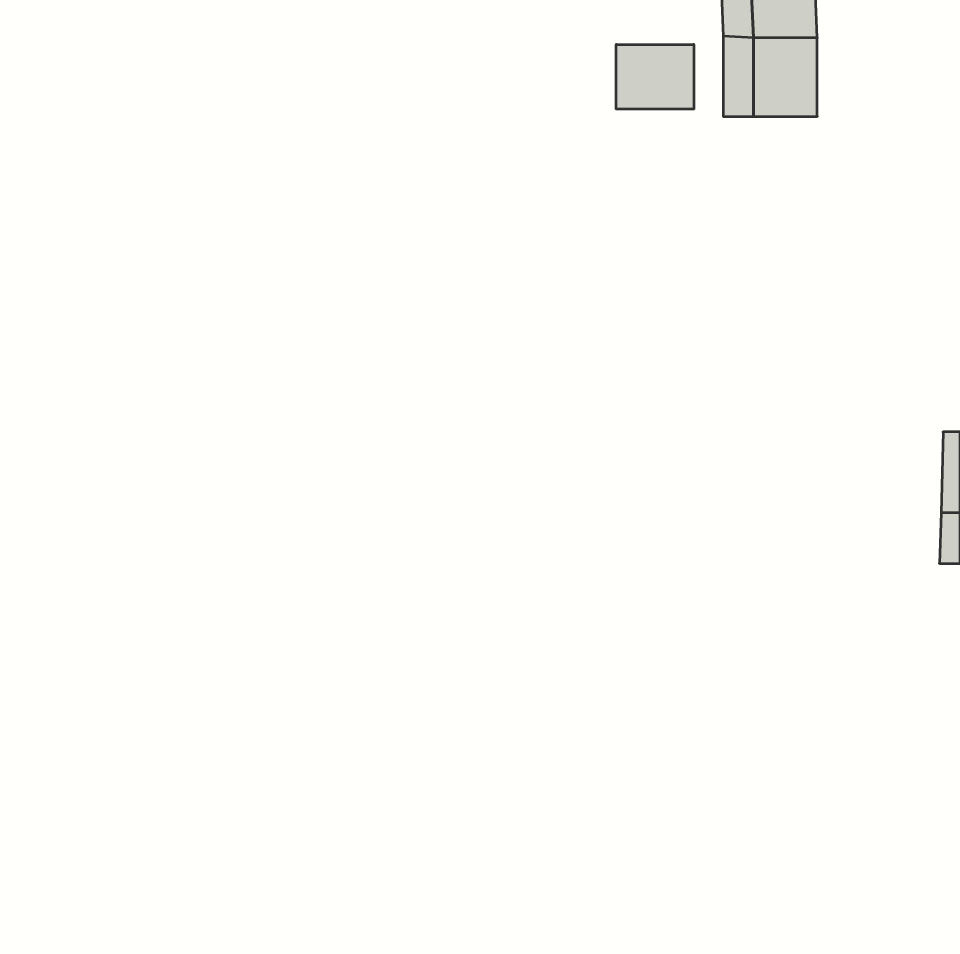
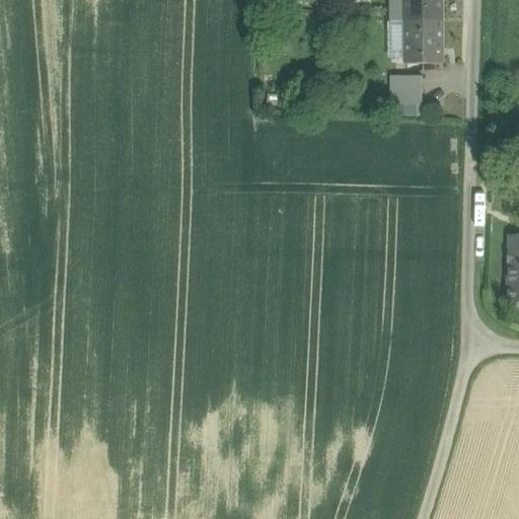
building: [616,44,694,109] -> none
building: none -> [391,75,422,104]

